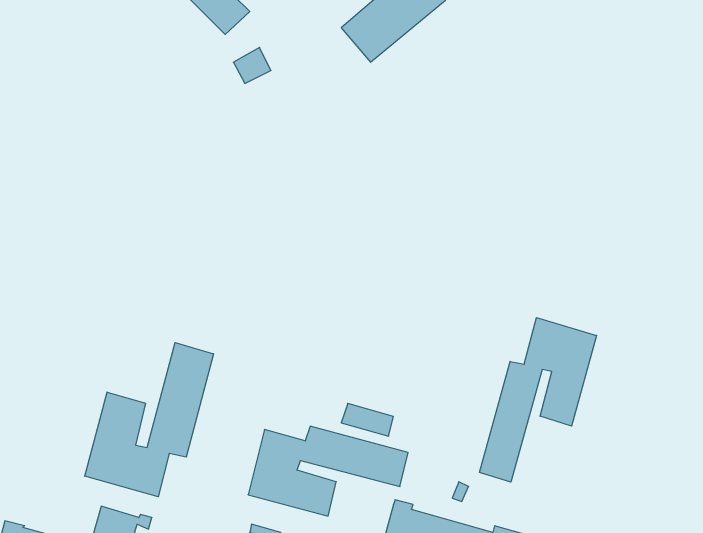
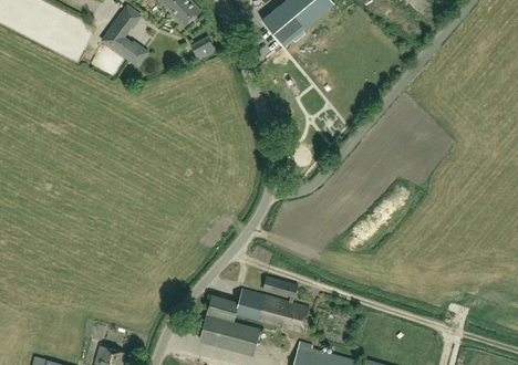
building: none -> [102,8,148,67]
building: [479,318,597,482] -> none
building: [85,343,214,497] -> none

